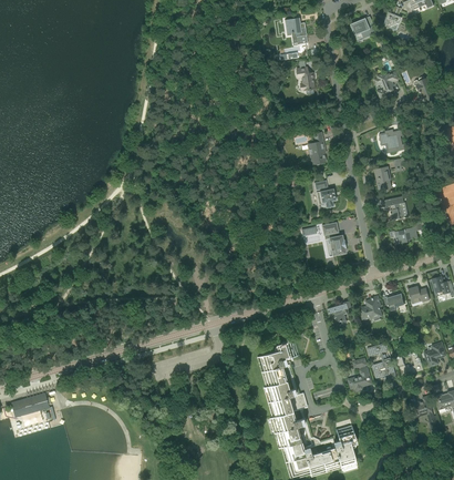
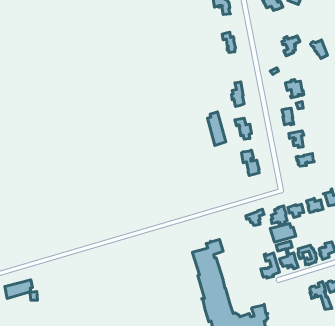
building: none -> [208,112,226,146]
building: none -> [270,224,296,242]

